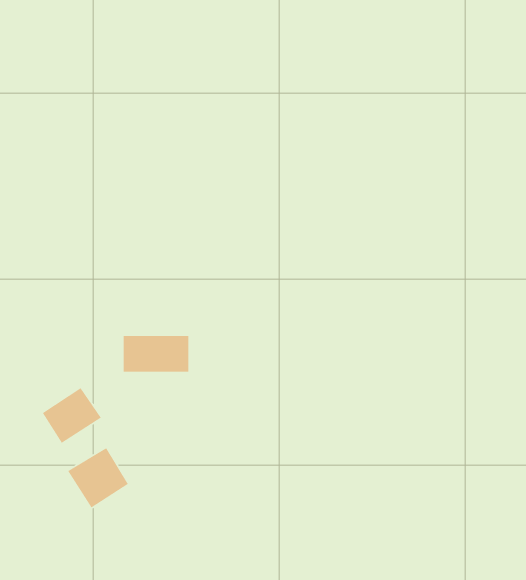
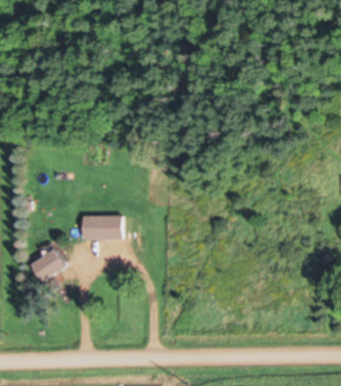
building: [67,447,129,509] -> none

